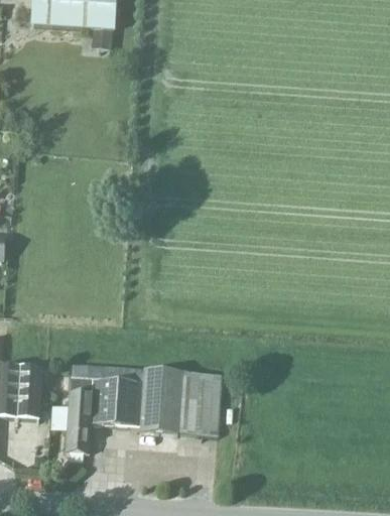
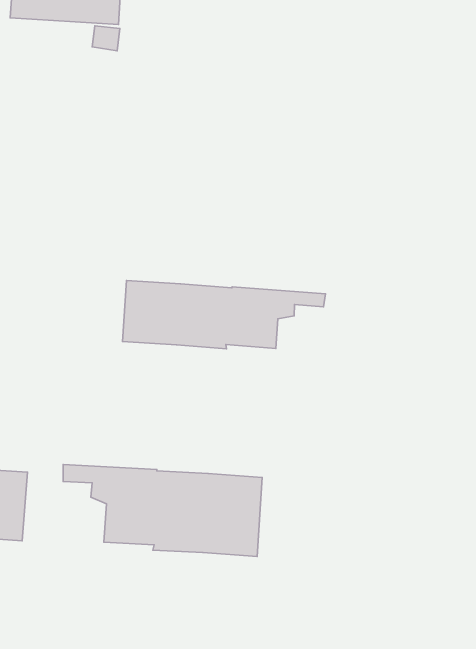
building: none -> [122,280,326,349]
building: [66,377,103,452] -> none

